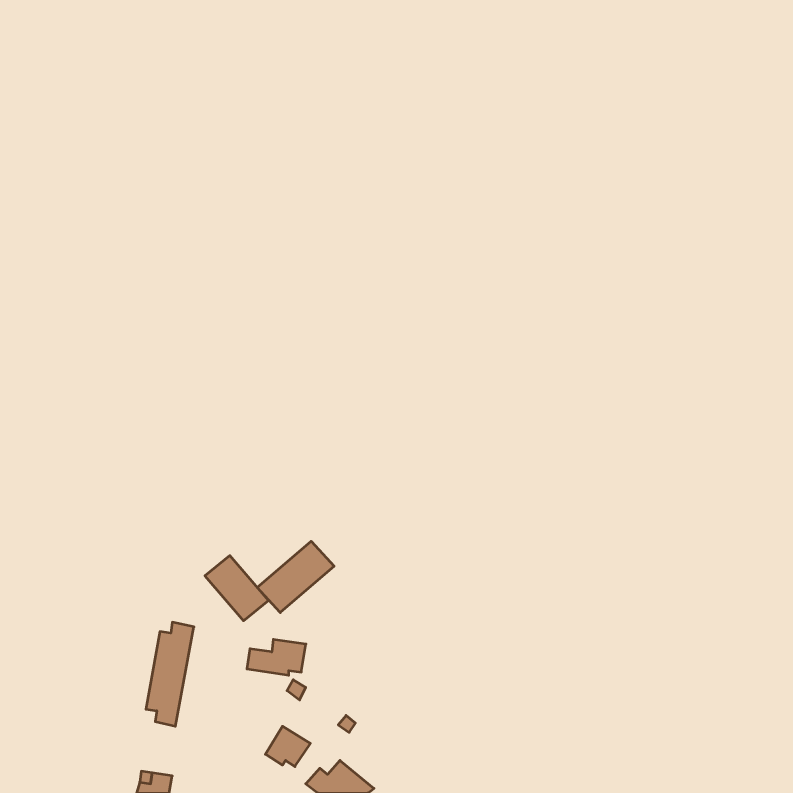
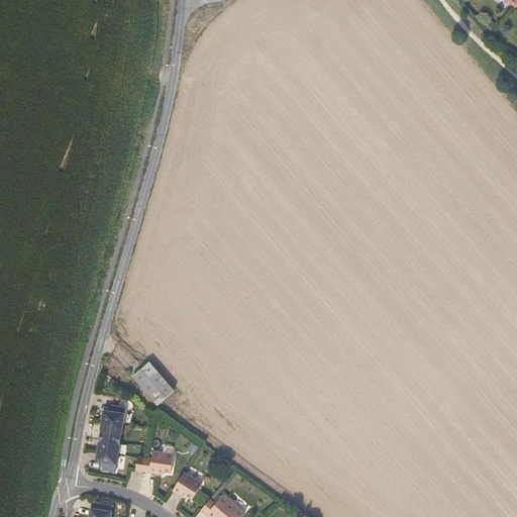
building: [257,541,334,613] -> none
building: [247,639,306,675] -> [135,451,174,475]

